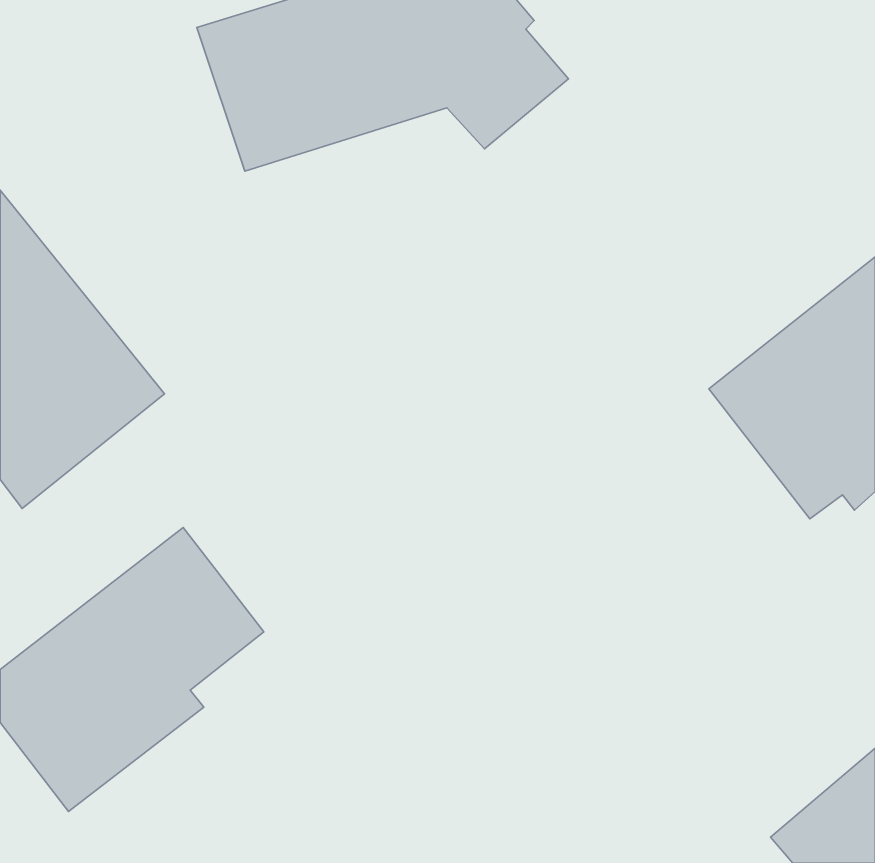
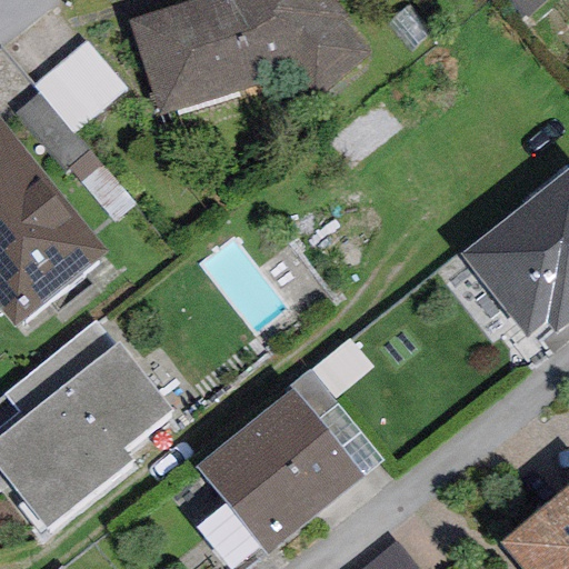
building: none -> [39,40,136,137]
building: none -> [196,387,365,553]

